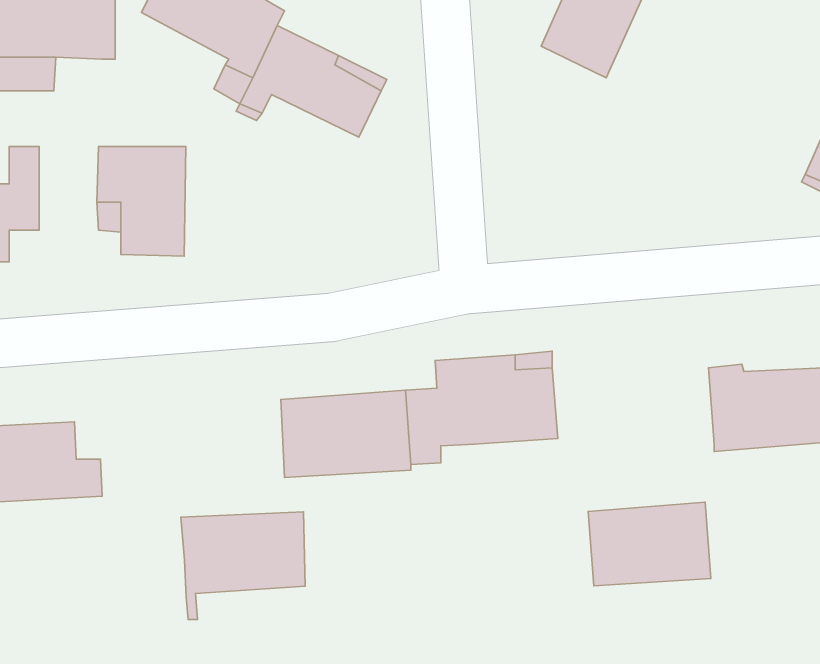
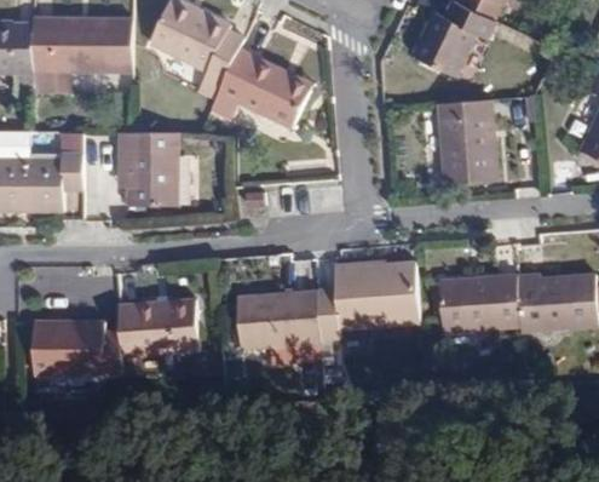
building: none -> [440,98,497,183]
building: [588,502,711,586] -> [440,275,520,329]
building: [181,512,305,620] -> [119,303,200,373]

